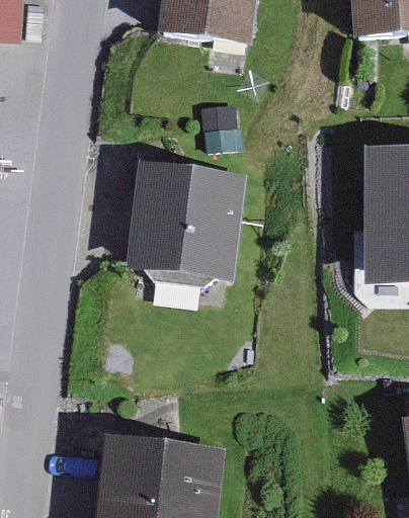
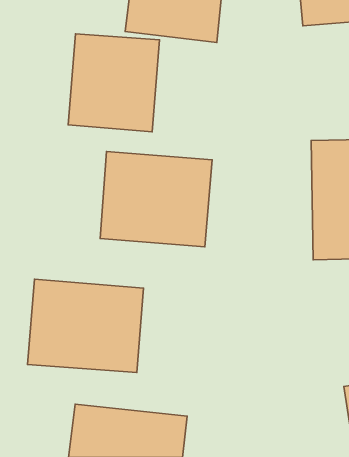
building: none -> [68,34,160,132]
building: none -> [28,279,143,373]

